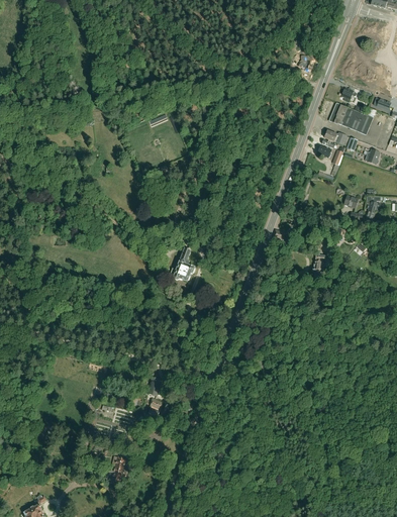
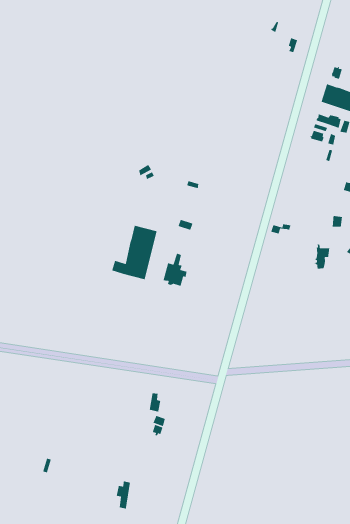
building: none -> [111,225,158,280]

